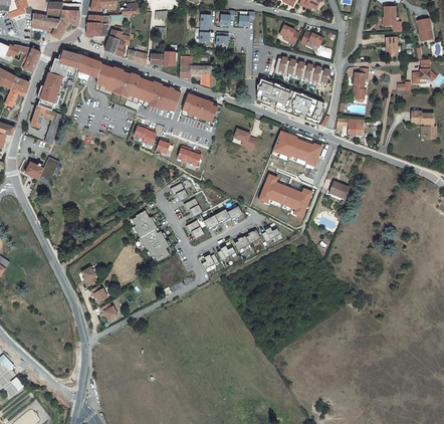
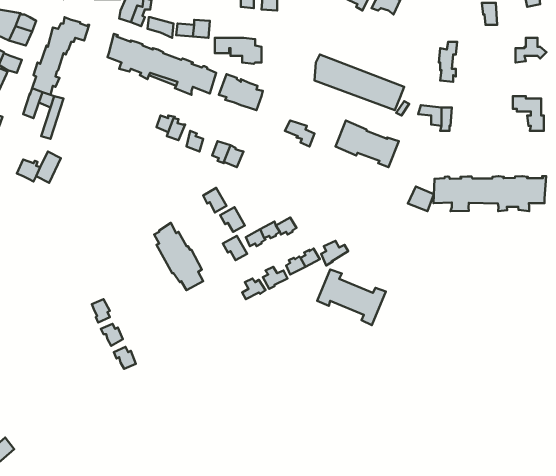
building: [76,55,100,78] -> none
building: [273,56,329,86] -> none
building: none -> [434,176,546,211]
building: [258,174,311,217] -> [317,270,386,325]

